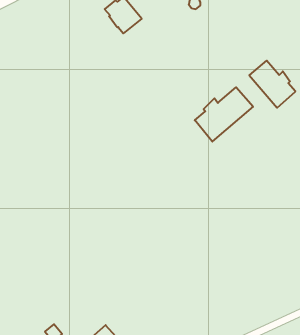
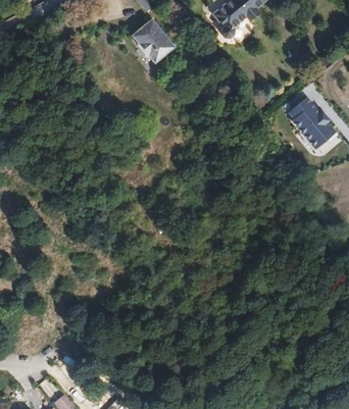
building: [195,87,253,142] -> none

